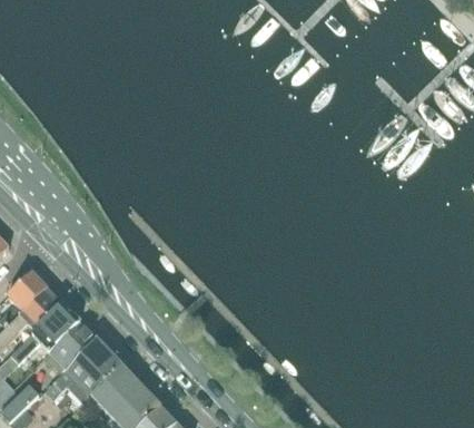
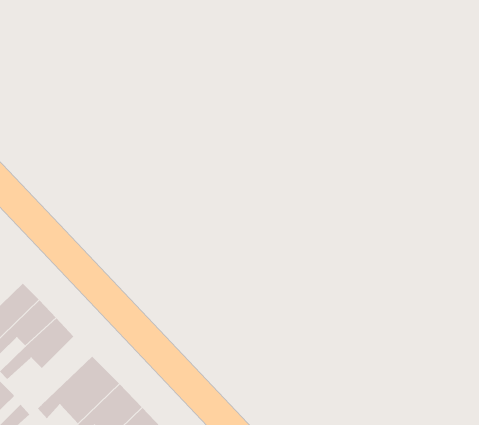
building: [42,320,97,383] -> none

